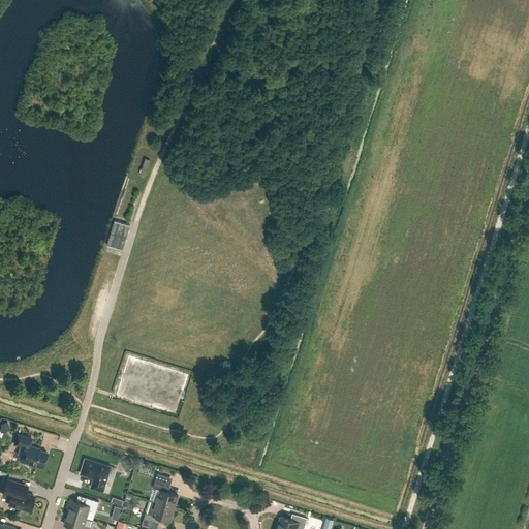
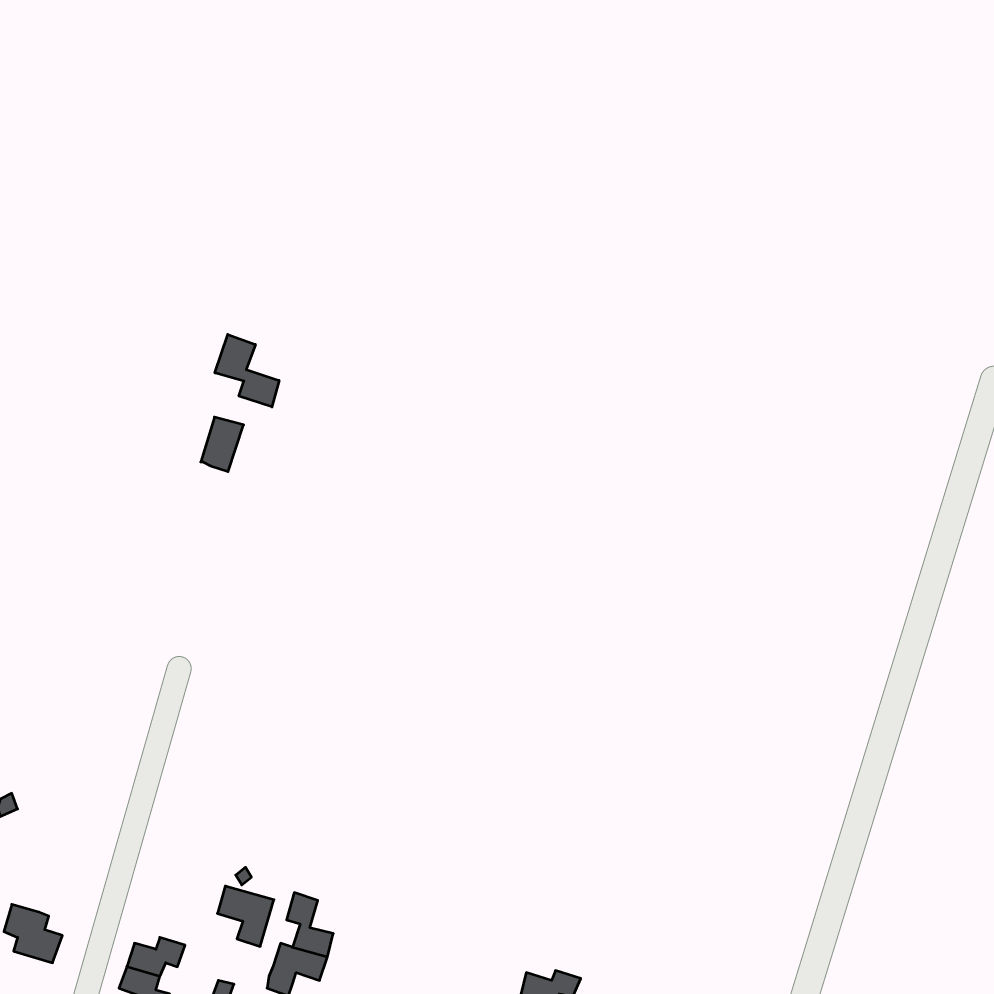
building: none -> [215,334,279,407]
building: [13,435,46,468] -> none
building: [80,460,110,492] -> [217,886,274,946]

